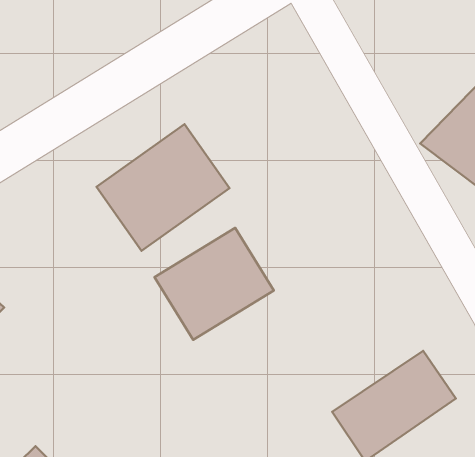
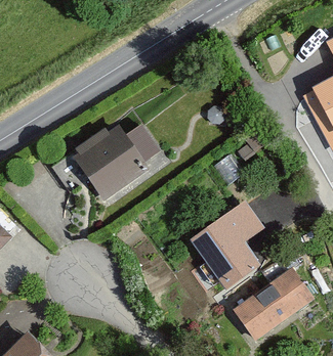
building: [155,228,274,340] -> [192,210,274,286]

